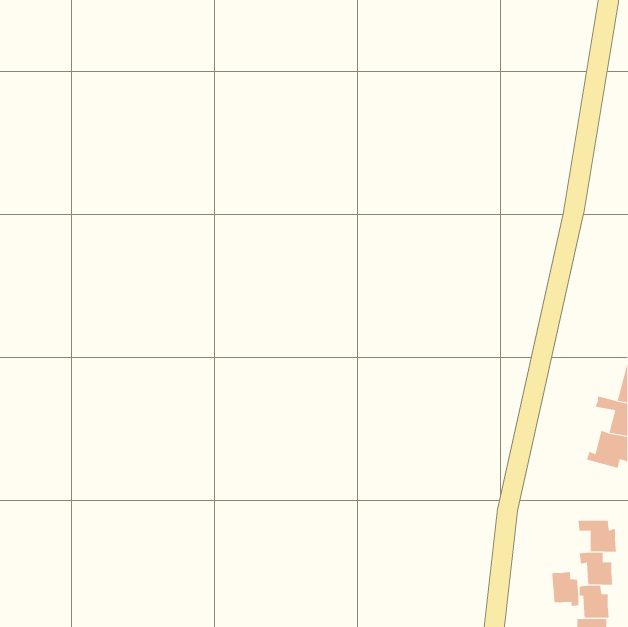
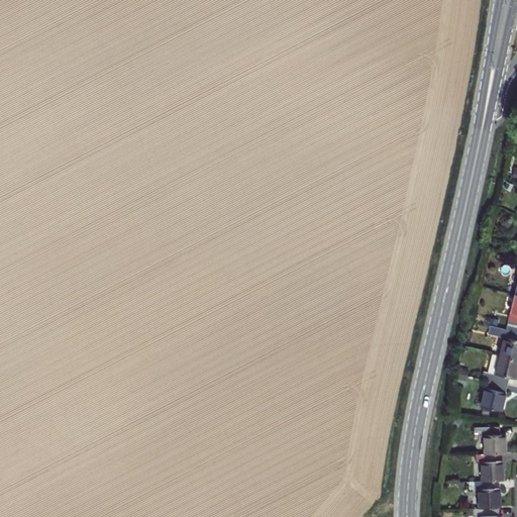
building: none -> [482,381,508,412]
building: [552,571,579,607] -> none

